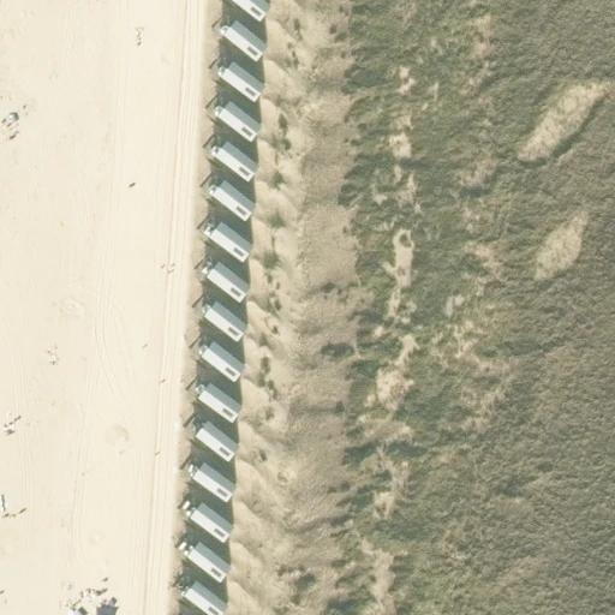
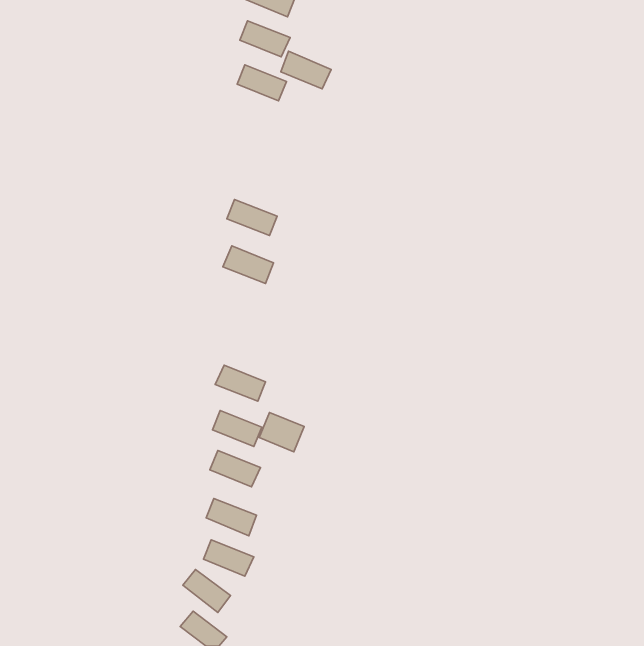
building: [216,100,263,135] -> [281,51,331,89]
building: [213,142,259,177] -> none
building: [204,263,251,298] -> none
building: [202,301,249,335] -> none
building: none -> [259,412,304,452]

